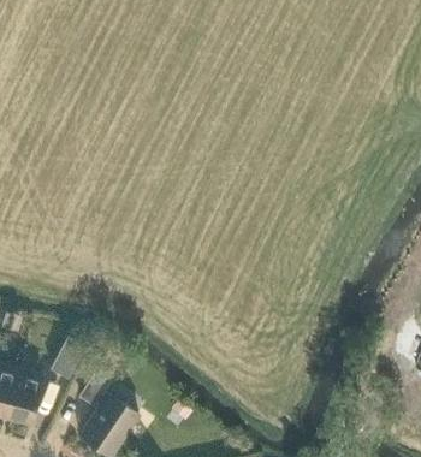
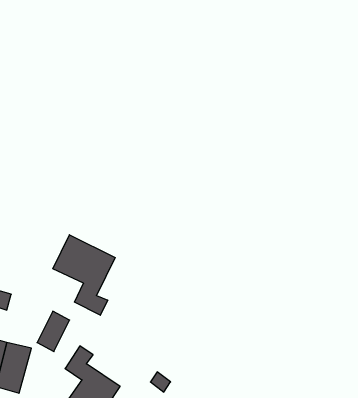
building: none -> [53,235,115,315]

